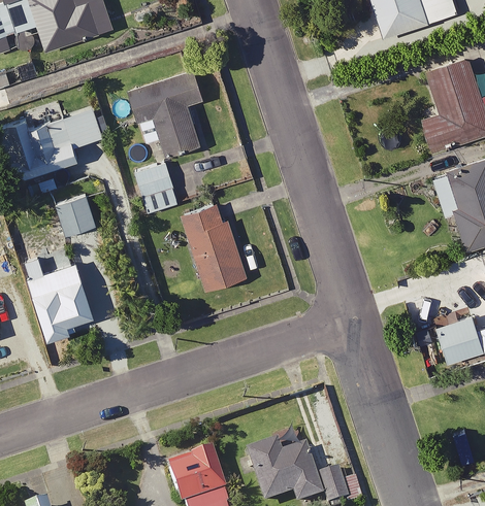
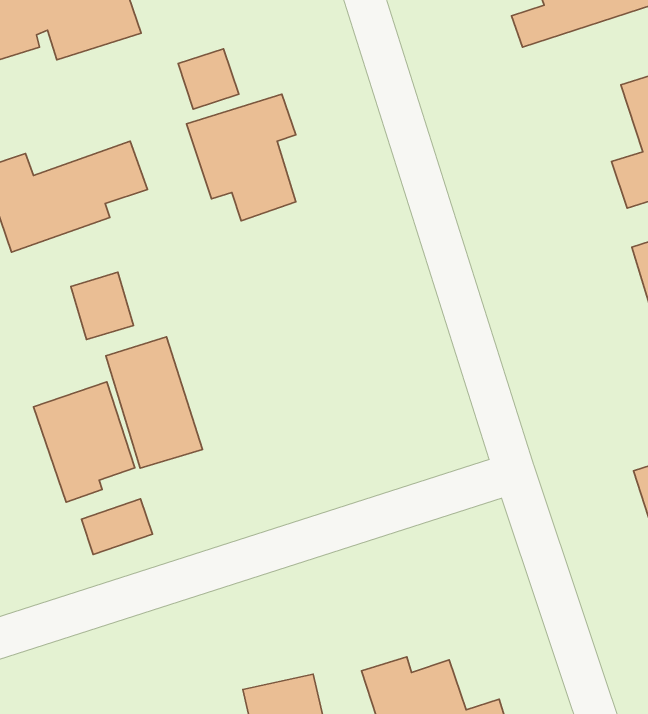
building: none -> [178,49,239,109]
building: [138,160,182,210] -> none
building: [187,205,251,292] -> [106,337,203,468]
building: none -> [82,499,152,554]

